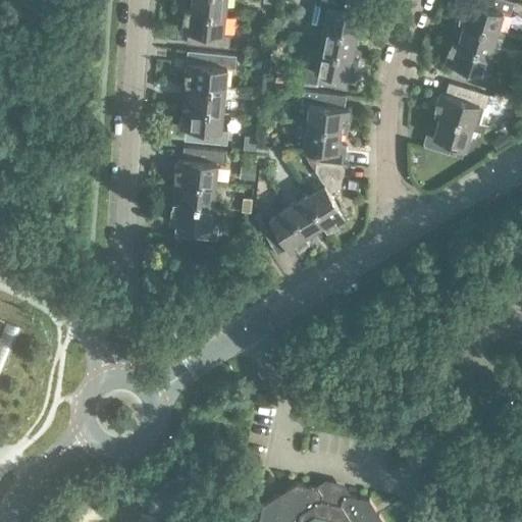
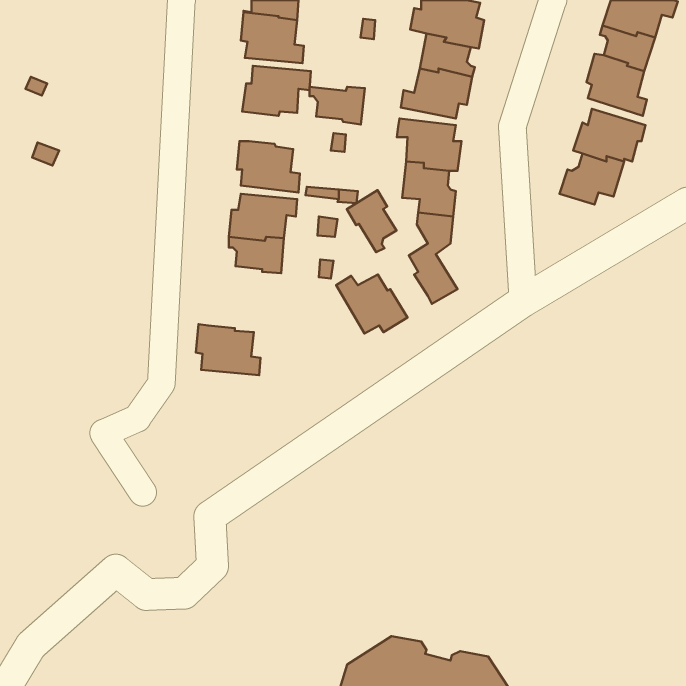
building: [185,86,226,114] -> [310,87,365,125]
building: [288,195,325,242] -> [347,190,396,252]
building: [170,202,219,241] -> [196,324,260,375]

